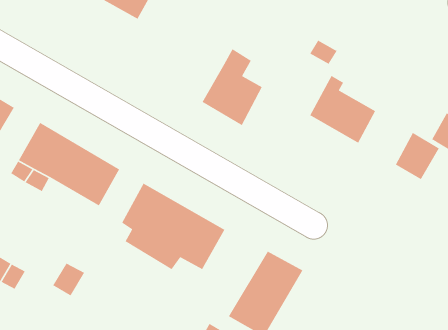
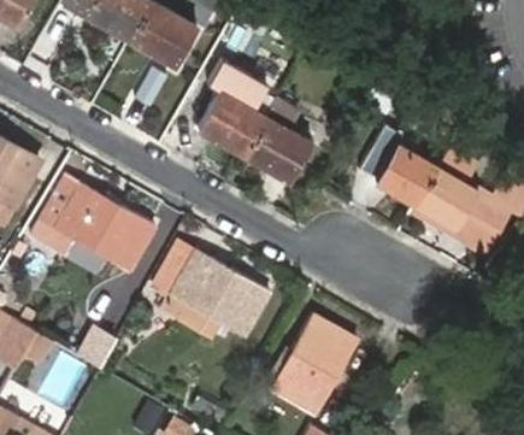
building: none -> [196,60,267,155]
building: none -> [416,165,475,224]

